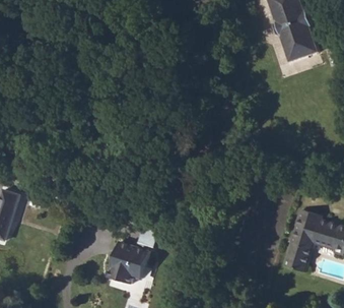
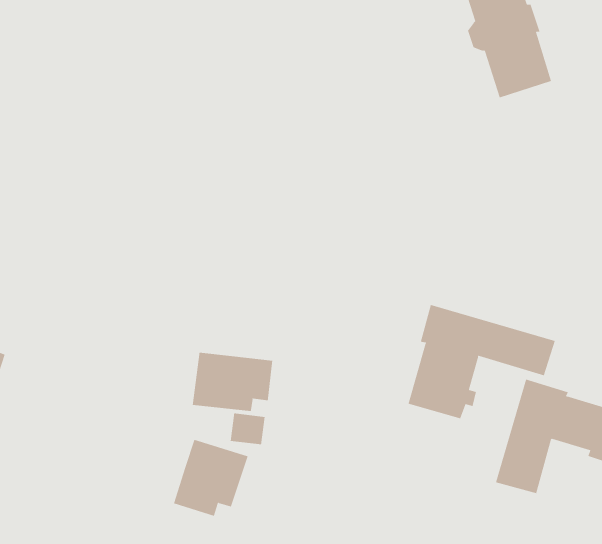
building: none -> [408,304,555,419]
building: none -> [192,352,273,412]

